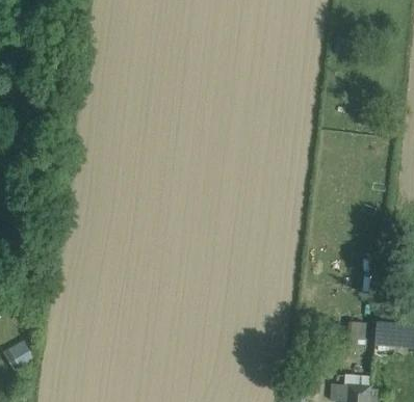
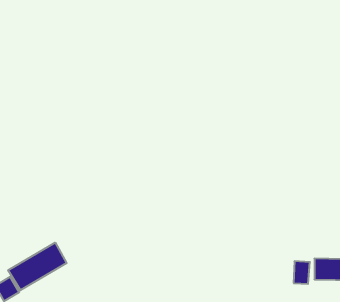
building: none -> [8,243,67,290]

